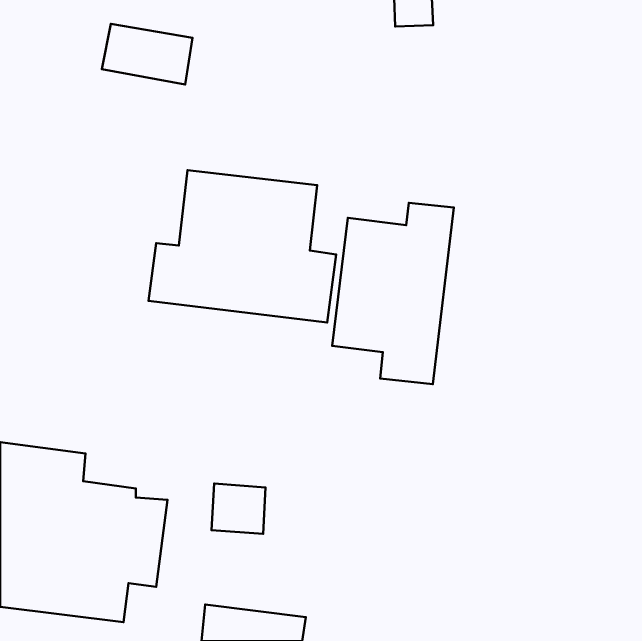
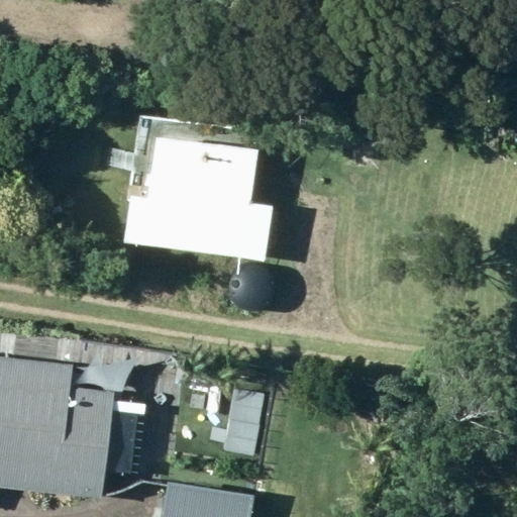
building: [332,203,454,384] -> none

